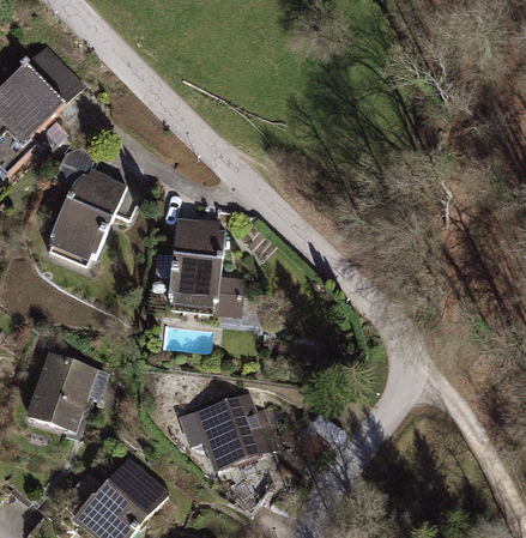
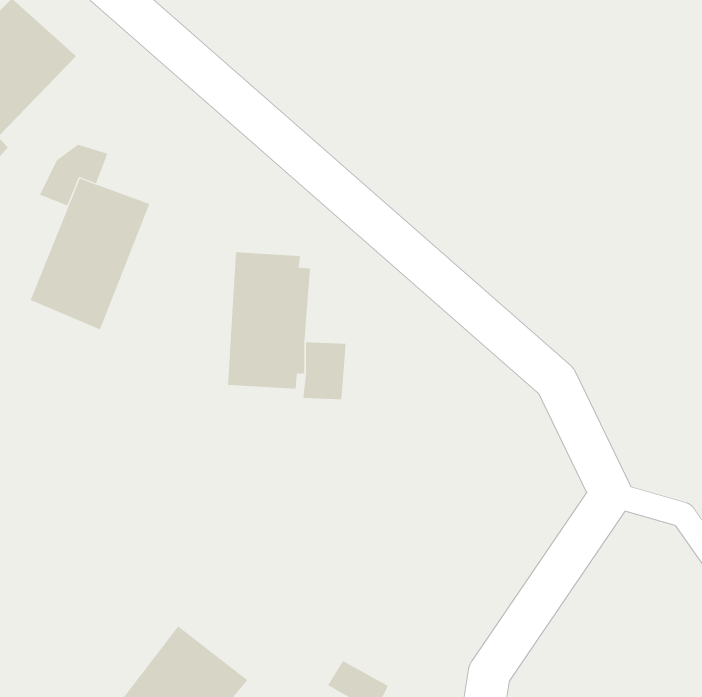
building: [24,351,95,431] -> none
building: [191,392,279,473] -> none

